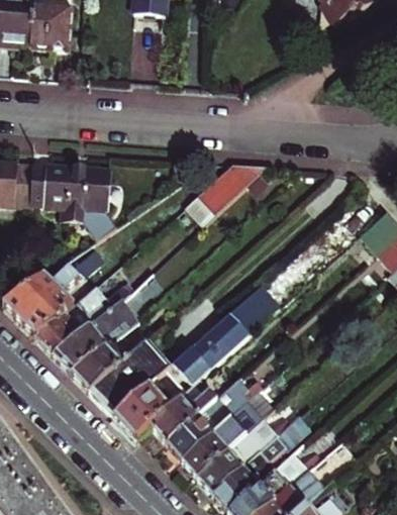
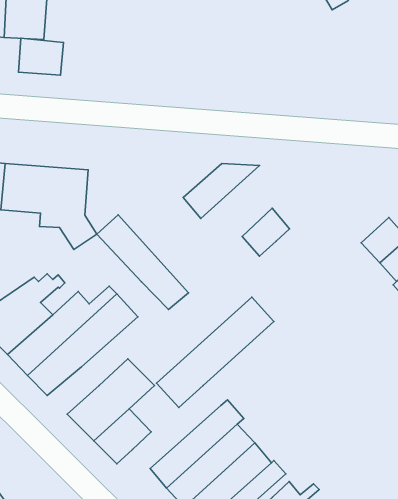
building: none -> [19,38,63,75]
building: none -> [242,208,290,256]
building: none -> [97,215,188,309]
building: [72,347,119,391] -> none
building: [150,365,230,440] -> none

